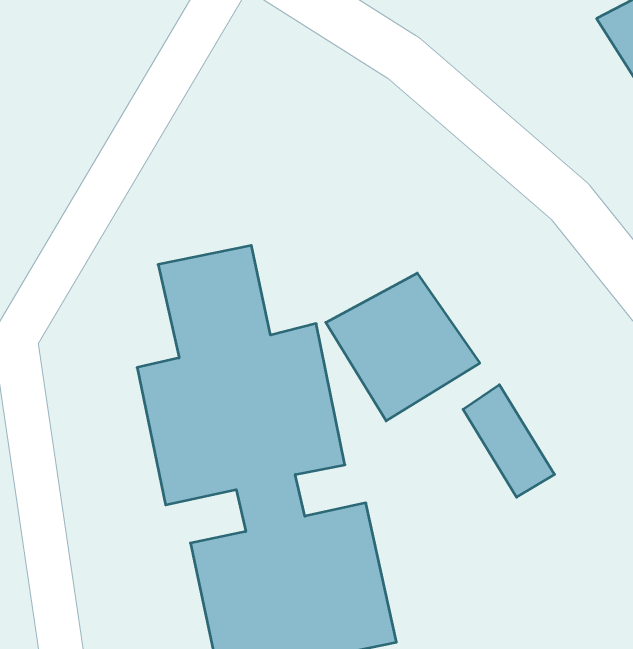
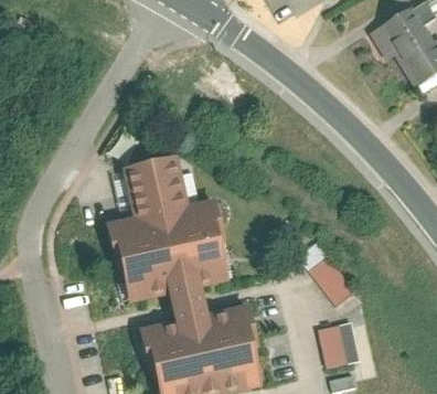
building: [326,273,480,421] -> none
building: none -> [318,318,358,361]

